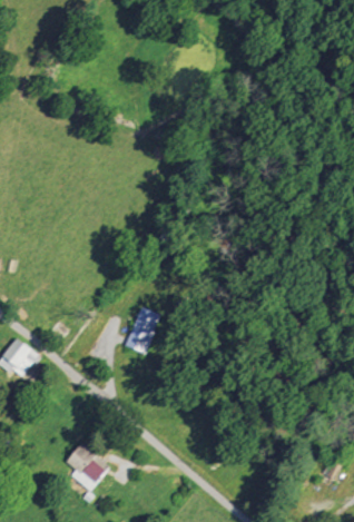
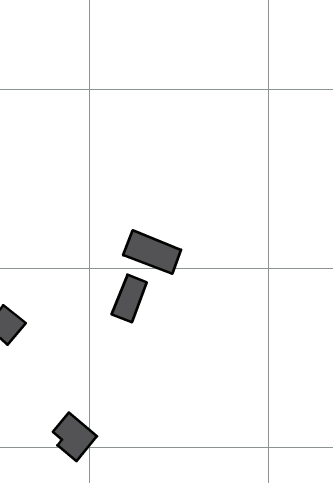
building: none -> [123,230,181,274]

